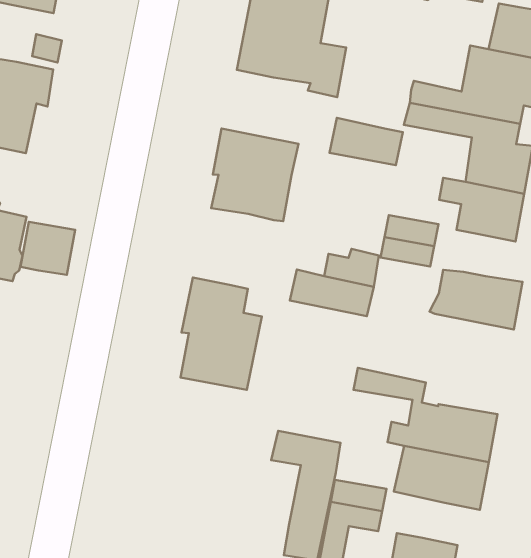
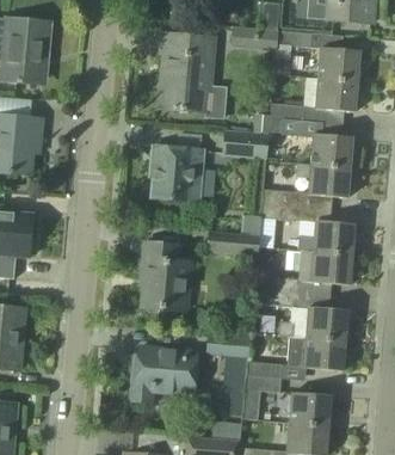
building: [20,222,75,275] -> none
building: none -> [255,248,352,293]
building: none -> [130,345,197,400]

